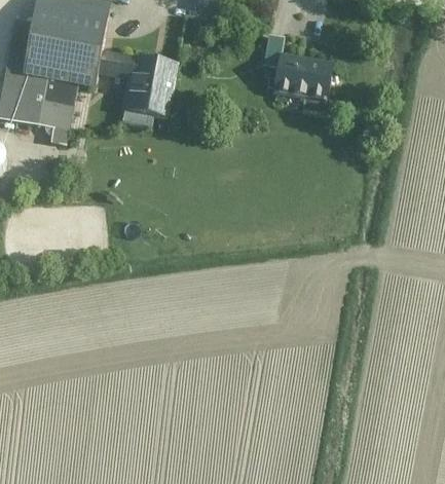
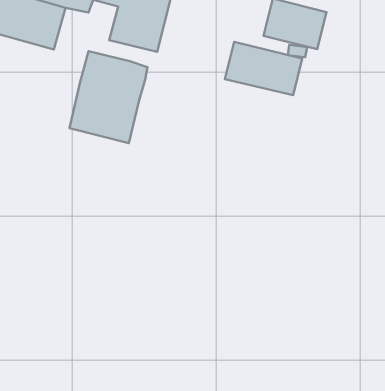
building: none -> [225,42,302,95]
building: none -> [69,51,148,143]

